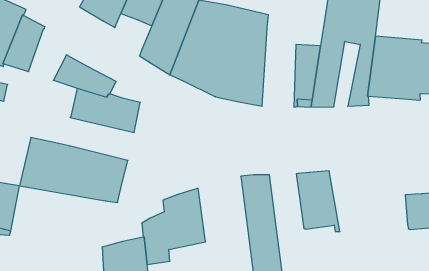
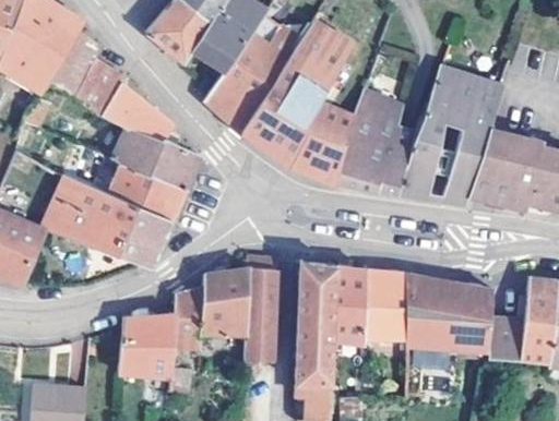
building: none -> [341,95,396,193]
building: none -> [74,50,128,112]
building: none -> [63,143,186,221]
building: none -> [406,275,492,353]
building: none -> [332,267,369,344]
building: none -> [246,256,277,363]

